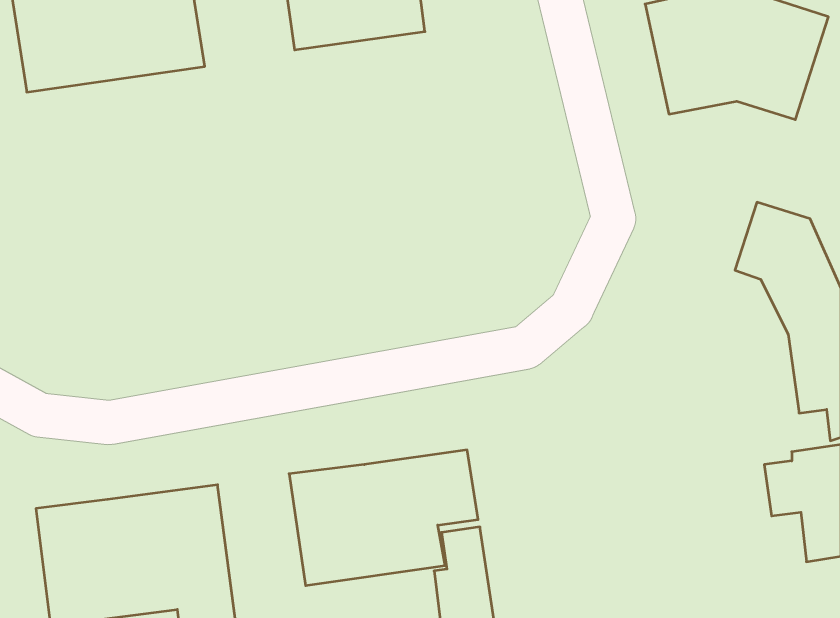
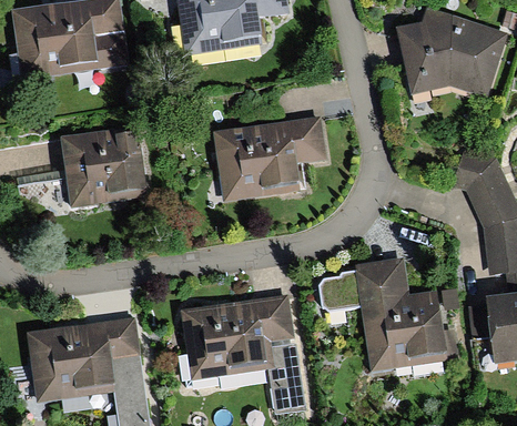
building: none -> [213,116,327,201]
building: none -> [60,131,146,206]
building: none -> [320,254,463,372]

